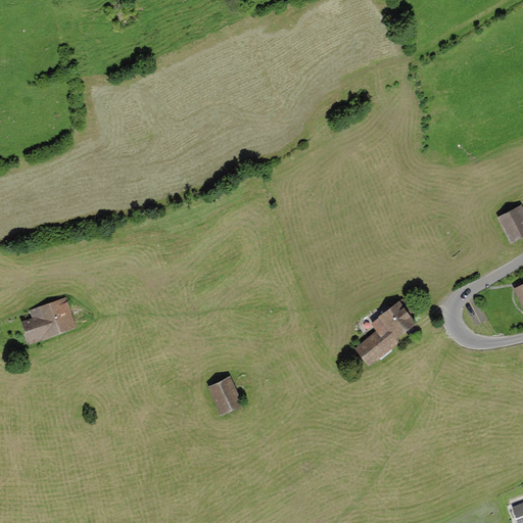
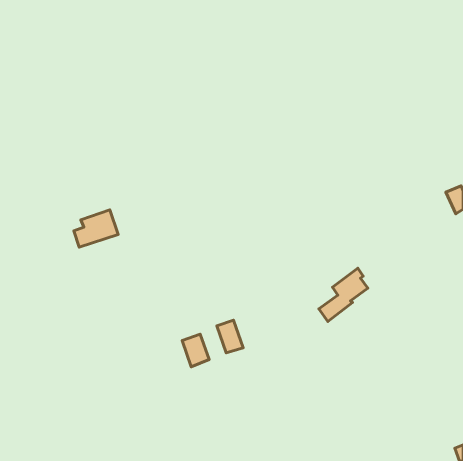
building: [23,299,74,341] -> [74,210,118,247]
building: none -> [217,320,243,353]

